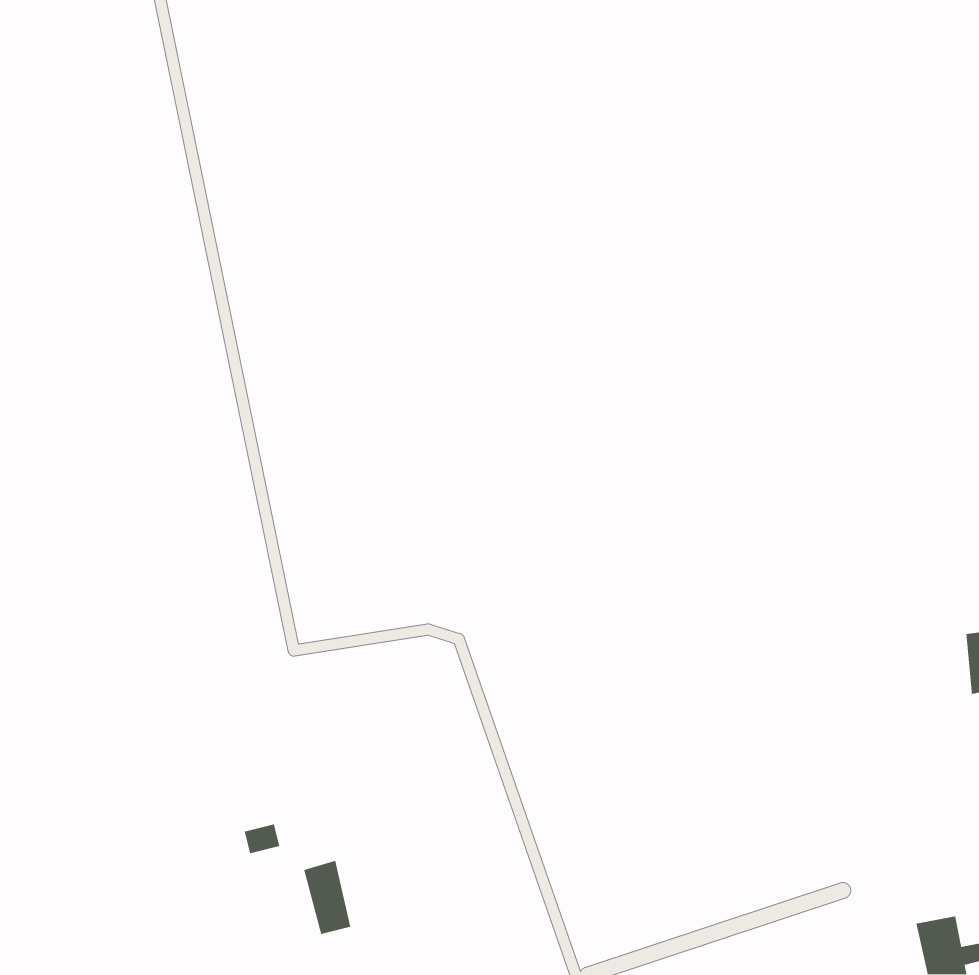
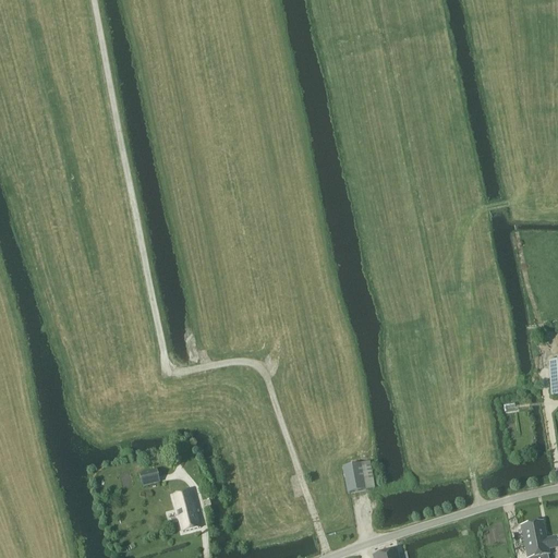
building: none -> [343,460,375,490]

